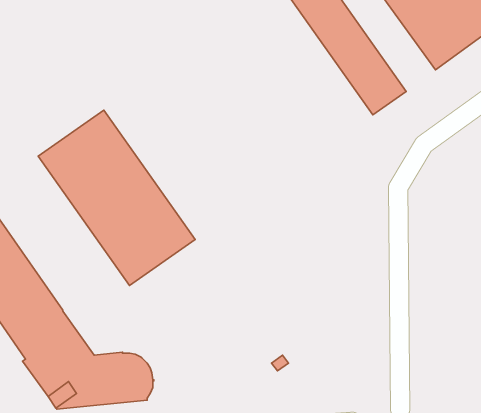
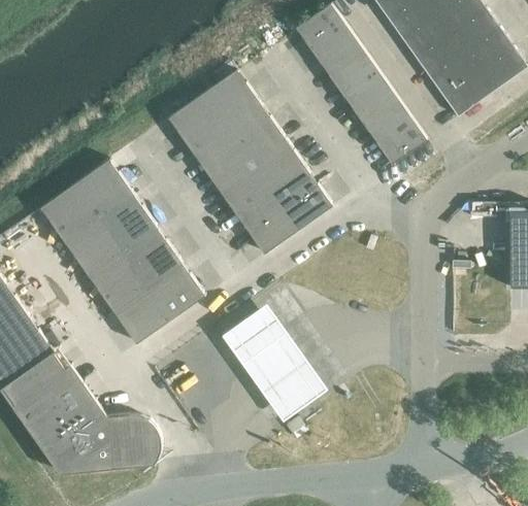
building: none -> [168,69,333,254]
building: none -> [222,301,328,418]

